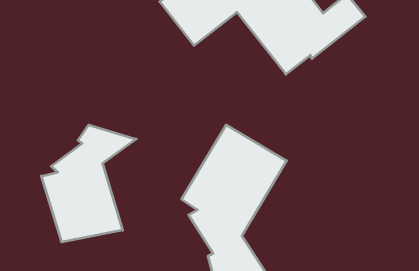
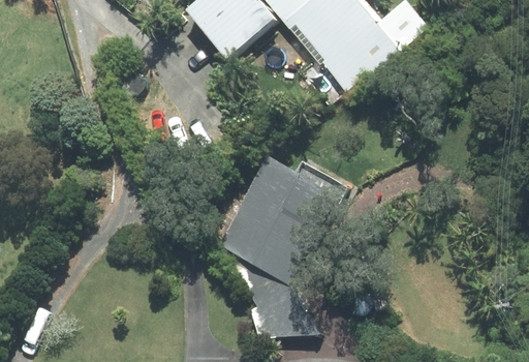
building: [41,125,136,242] -> none

